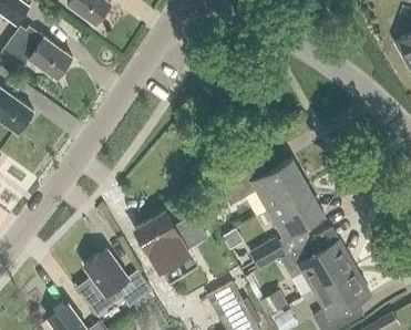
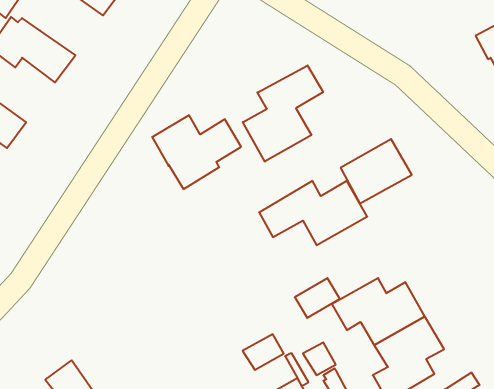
building: none -> [243,65,323,162]
building: [267,188,325,240] -> [341,139,412,203]
building: [134,213,206,272] -> [152,115,241,189]
building: [74,250,152,319] -> none

